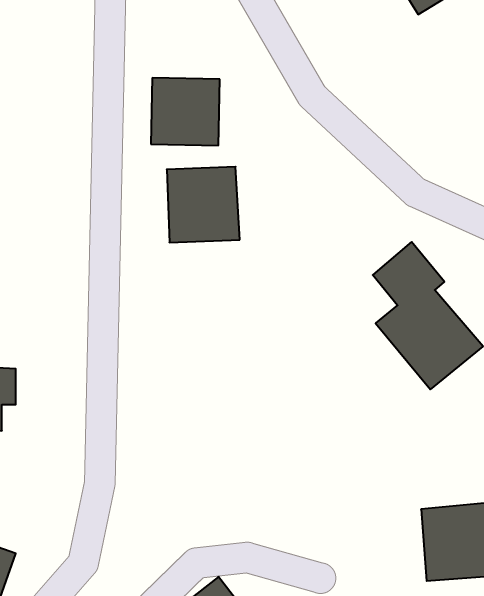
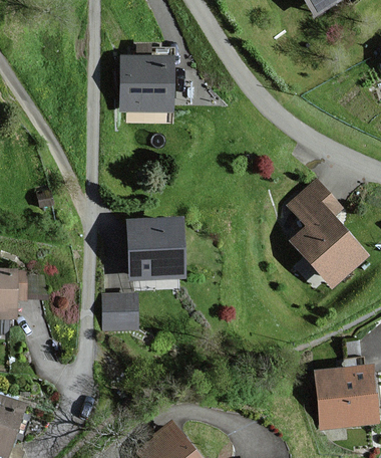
building: [167,167,240,242] -> [129,222,182,277]
building: none -> [103,295,134,328]

